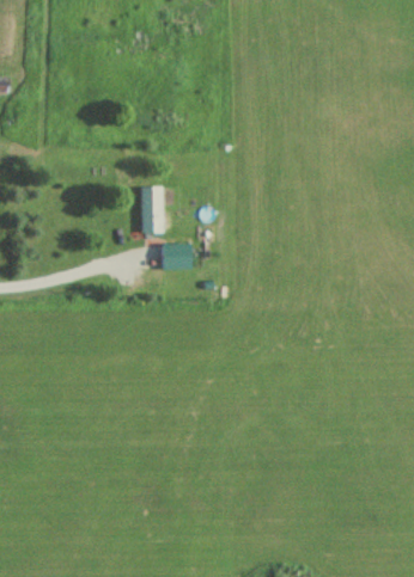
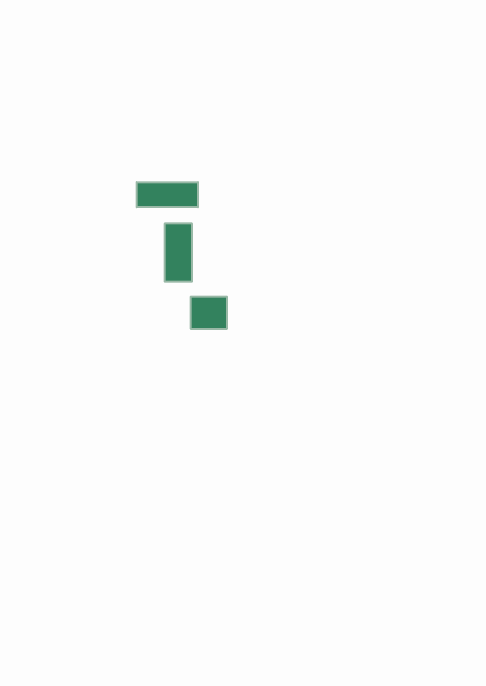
building: none -> [137,182,198,207]

